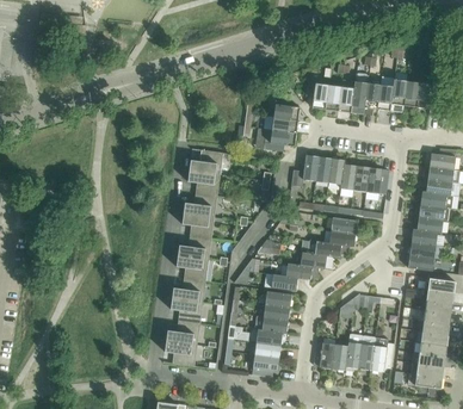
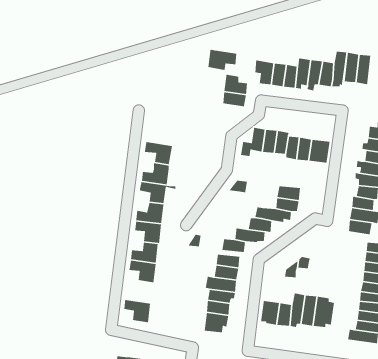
building: [264,128,296,151] -> [208,49,237,71]
building: [189,148,221,174] -> none
building: [166,320,199,345] -> none

